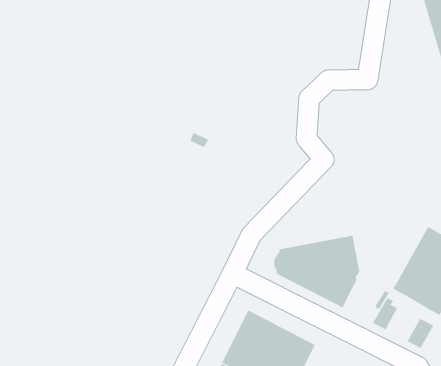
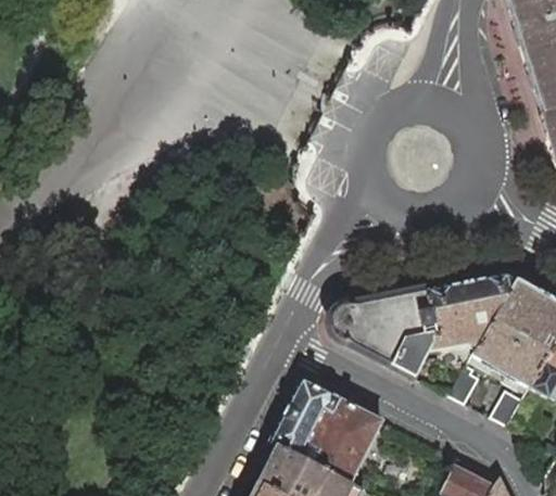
building: none -> [429,275,518,352]

